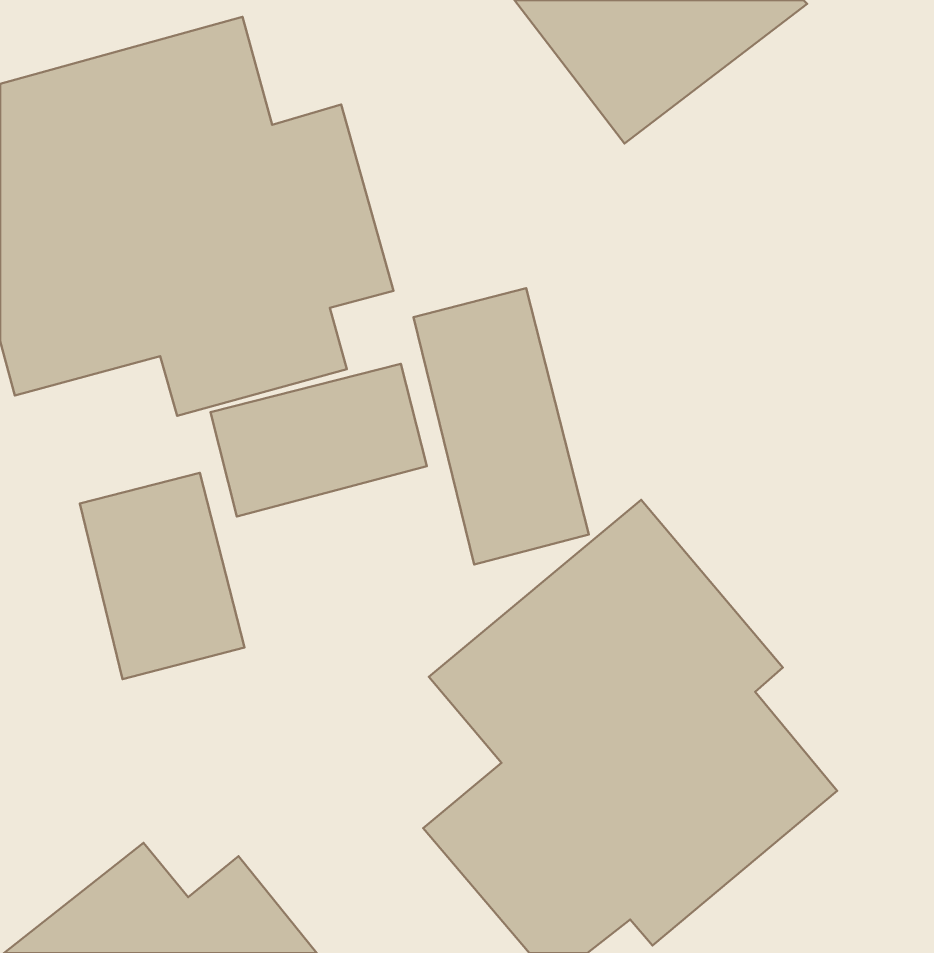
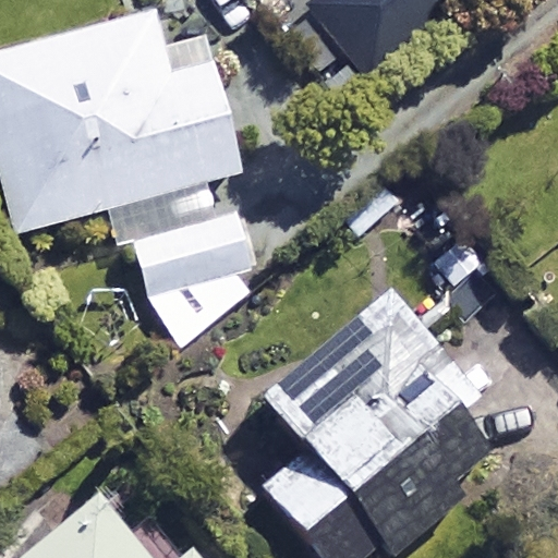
building: [413,288,589,564] -> none
building: [80,473,244,679] -> none

